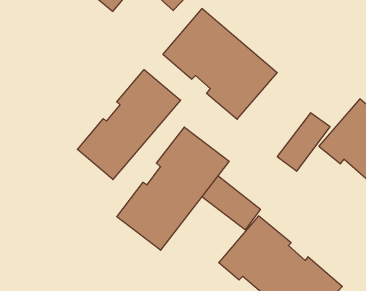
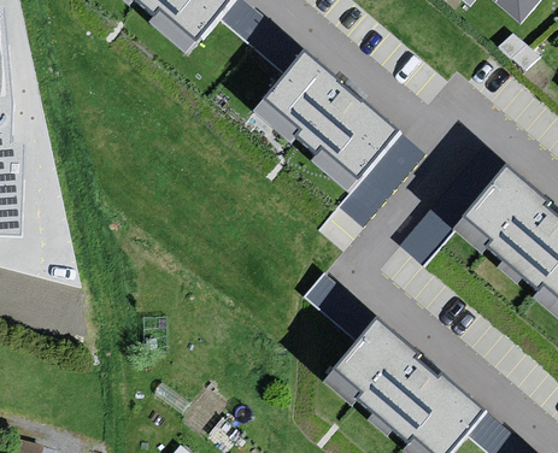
building: [77,70,181,180] -> none
building: [117,127,229,250] -> none

